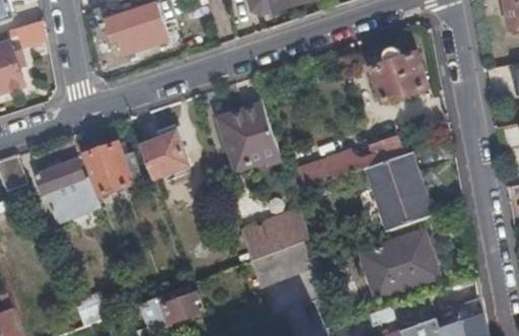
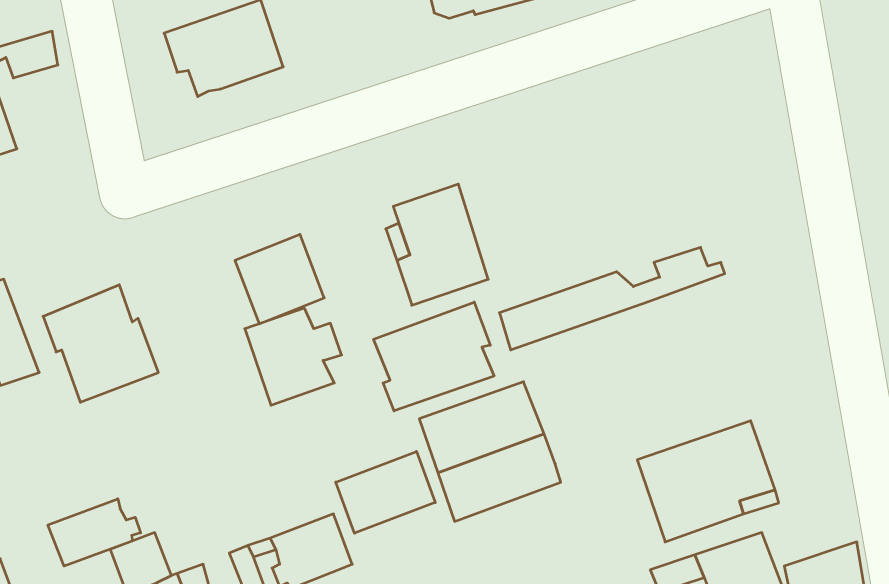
building: [371,46,426,104] -> none
building: [85,143,138,196] -> [245,308,342,405]
building: [366,152,425,229] -> none
building: none -> [374,302,494,411]
building: none -> [336,451,435,533]
building: none -> [48,499,141,566]

